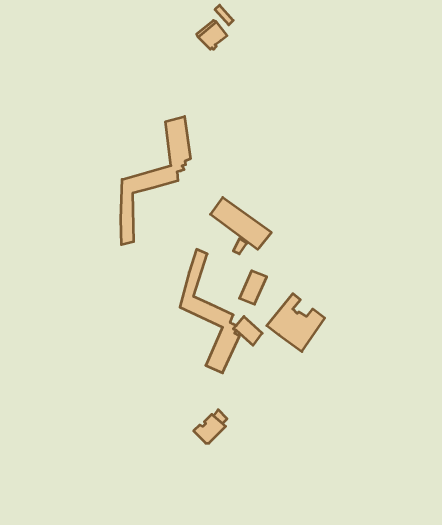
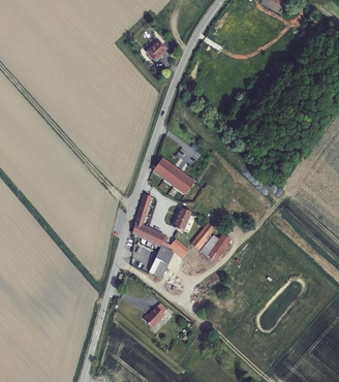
building: [121,116,190,245] -> none

